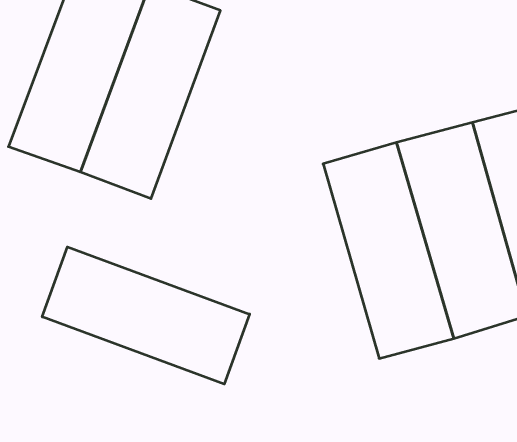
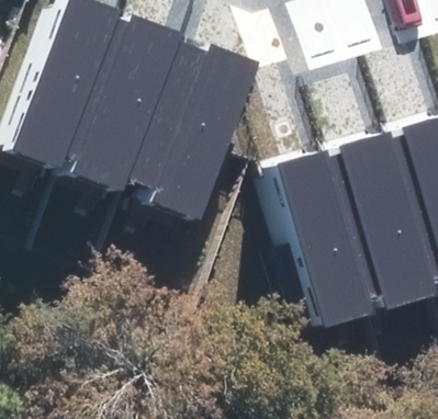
building: none -> [133,41,251,217]
building: [42,247,250,384] -> none

